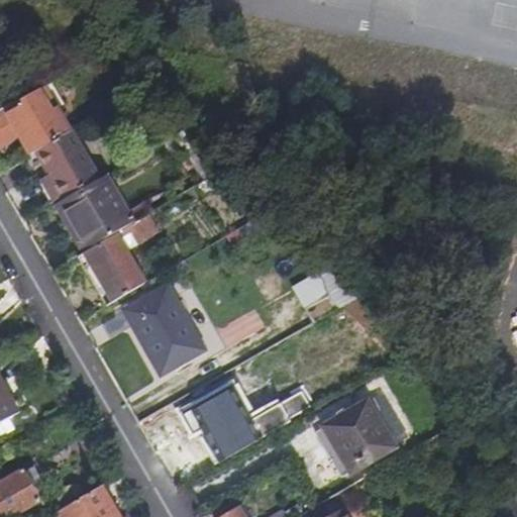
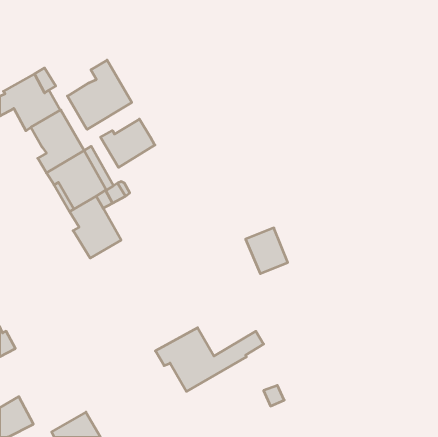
building: none -> [67,60,132,129]
building: none -> [101,119,155,167]
building: [122,284,205,375] -> none
building: [325,401,394,473] -> none

